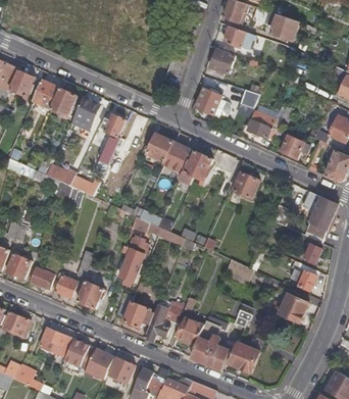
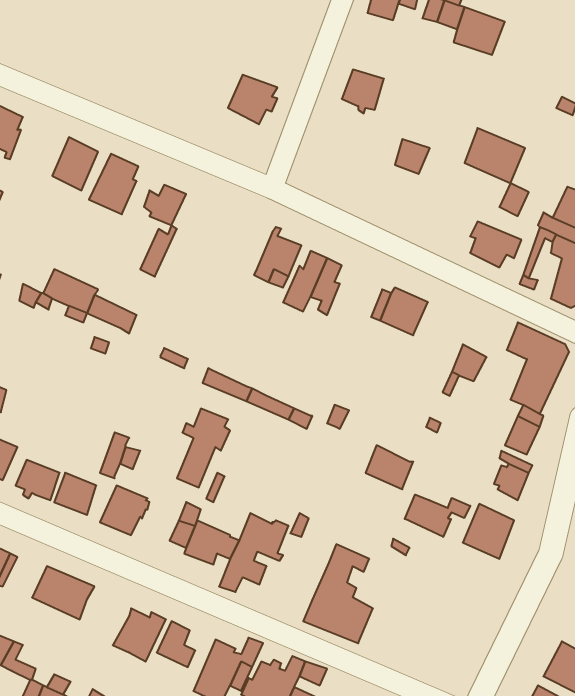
building: [225,27,257,50] -> none
building: [30,79,58,109] -> none
building: [195,89,222,116] -> [228,75,277,124]
building: [248,111,282,142] -> [465,128,525,183]
building: [145,134,171,162] -> none
building: none -> [405,495,470,537]
building: [176,317,203,345] -> none
building: [62,338,94,365] -> none
building: [229,342,258,372] -> none

